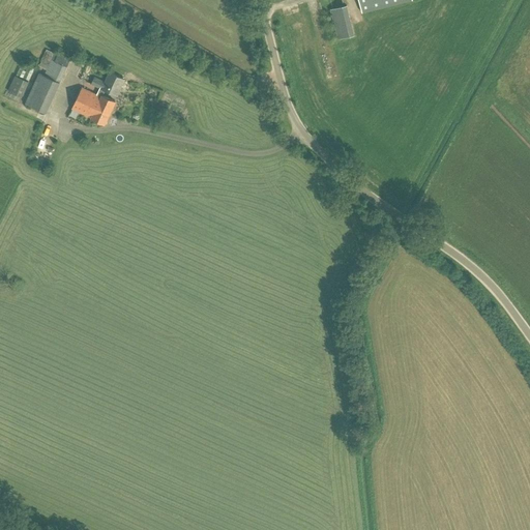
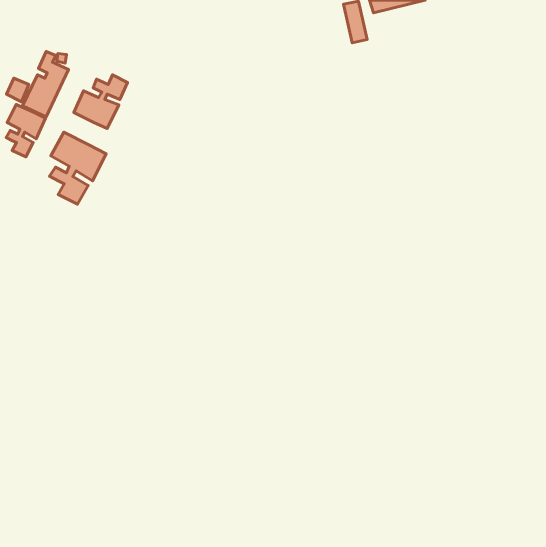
building: none -> [6,104,46,157]
building: none -> [50,132,106,204]

